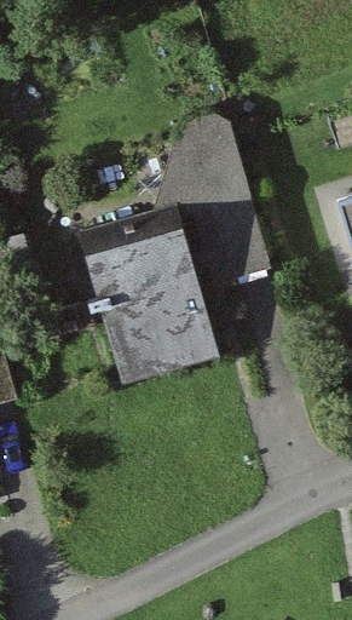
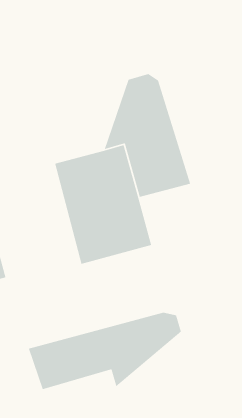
building: none -> [28,312,182,390]

